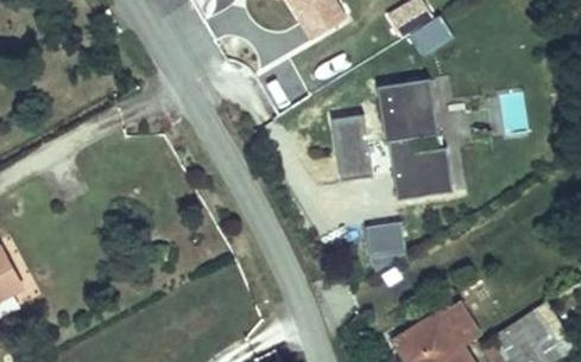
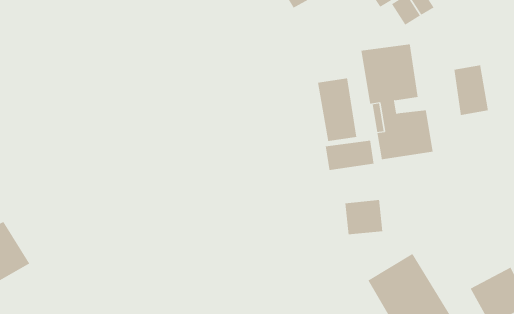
building: none -> [454,64,489,116]
building: none -> [325,140,374,171]

